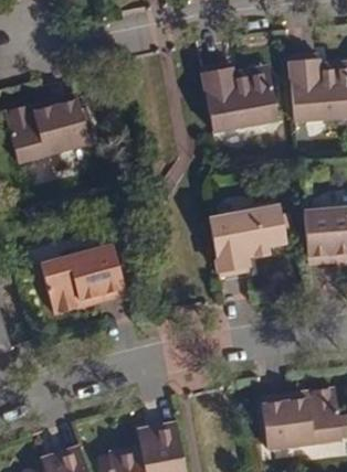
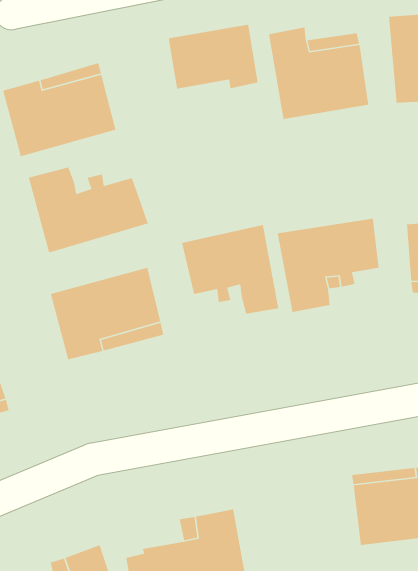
building: none -> [168,24,259,89]
building: none -> [28,167,149,254]
building: none -> [181,224,279,315]

